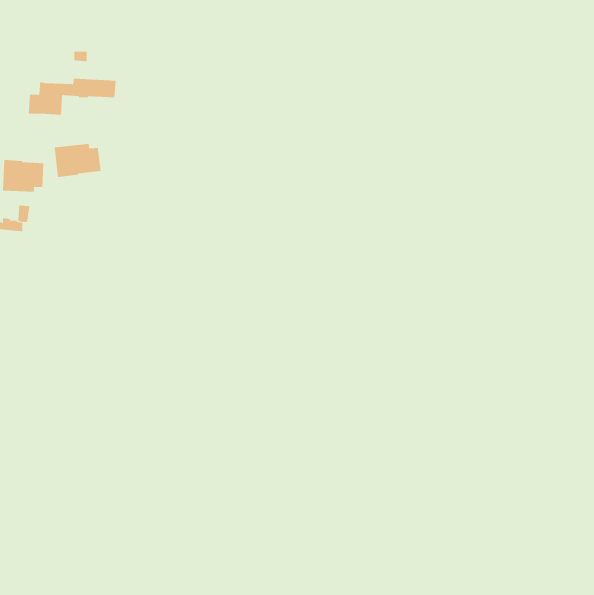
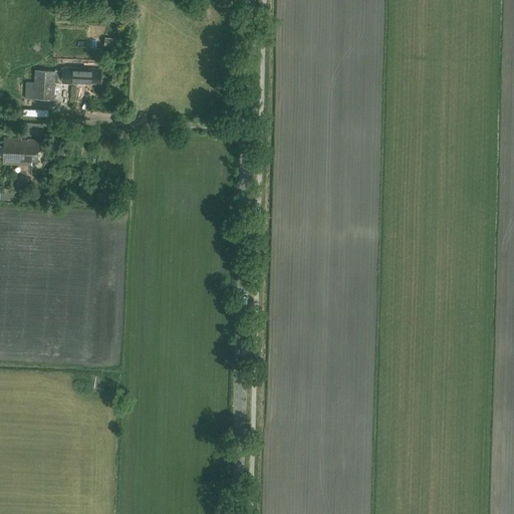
building: [54,143,101,178] -> none

